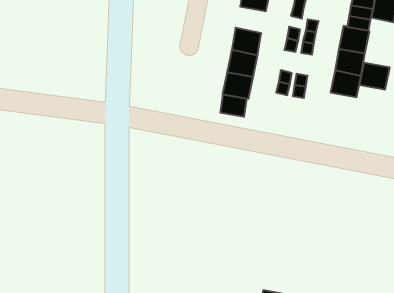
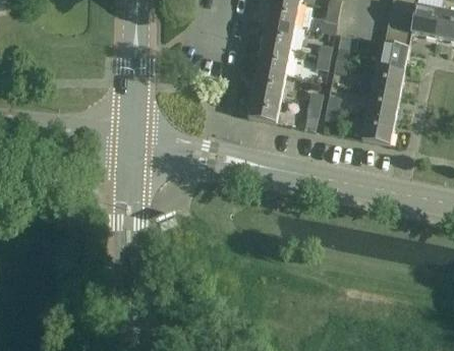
building: none -> [262,18,295,48]
building: [359,63,390,90] -> [361,113,395,142]
building: [220,94,247,117] -> none

